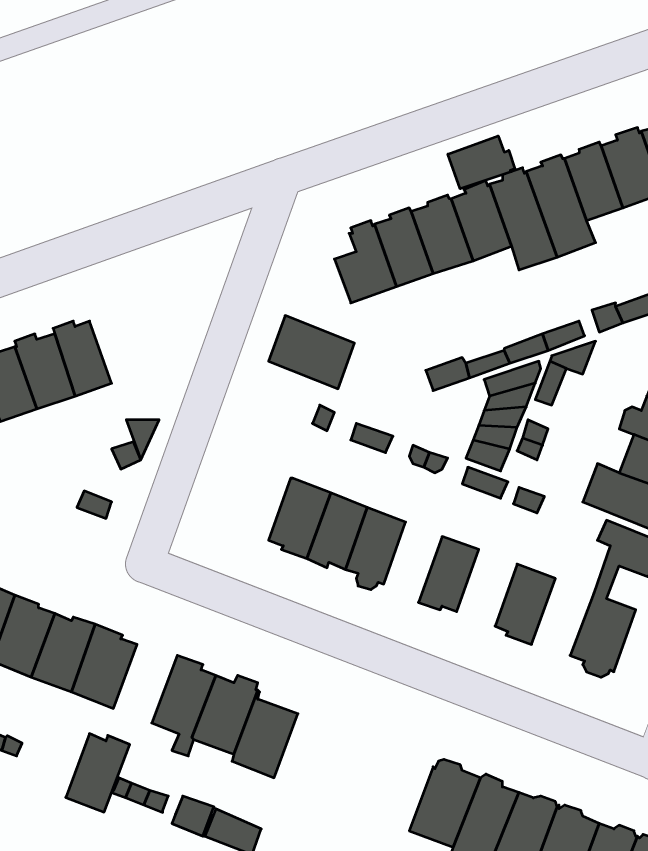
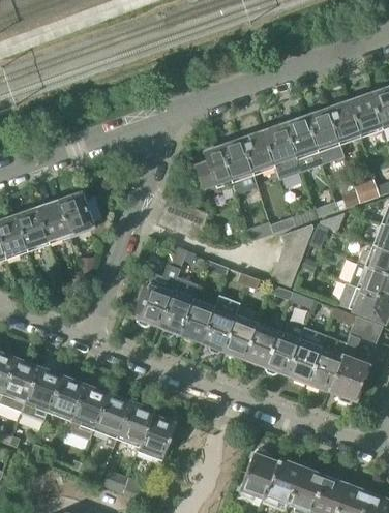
building: [448,136,515,189] -> none
building: none -> [57,191,101,237]
building: none -> [137,266,179,327]
building: none -> [223,315,257,361]
building: none -> [264,331,299,375]
building: none -> [307,348,342,391]
building: [66,734,130,812] -> [70,385,107,429]

